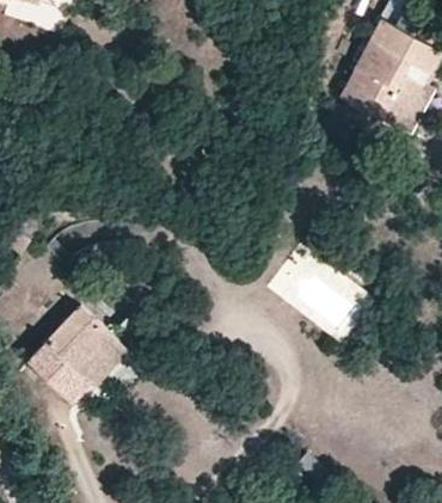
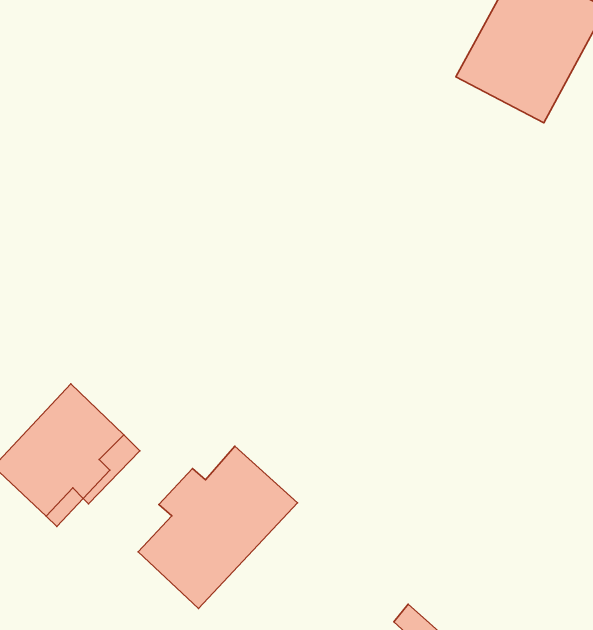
building: none -> [138,446,298,608]

